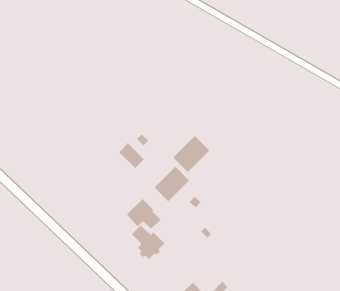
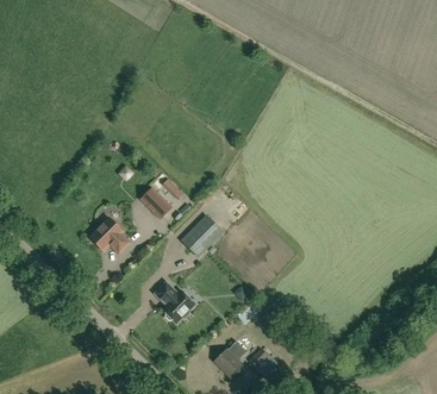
building: [173,135,210,173] -> none
building: [126,198,161,229] -> [89,217,130,252]

